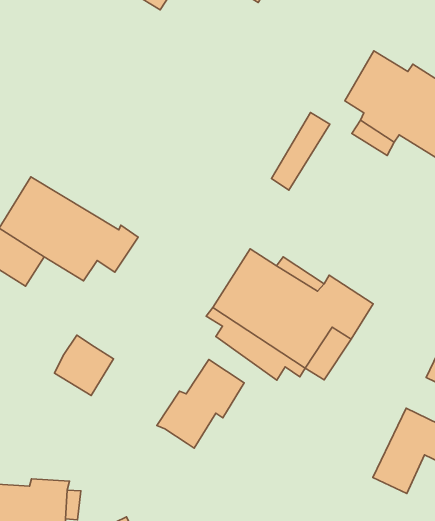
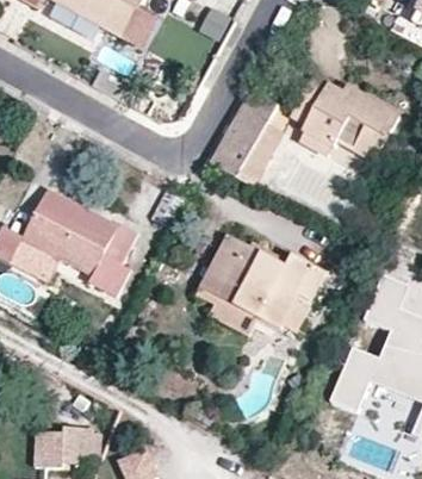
building: none -> [210,87,275,176]
building: [55,335,113,395] -> [89,249,135,296]
building: [157,360,244,448] -> none

